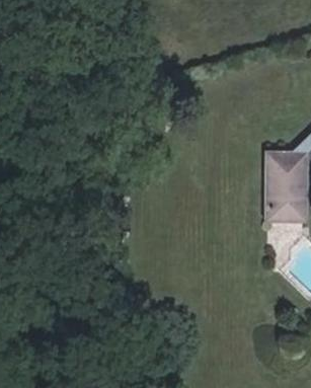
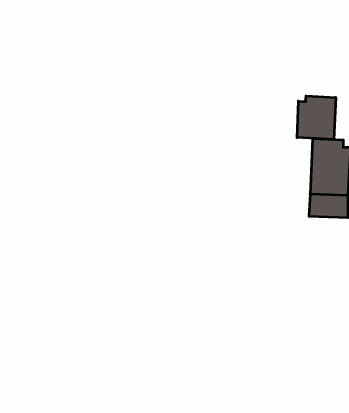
building: none -> [297,96,336,140]

